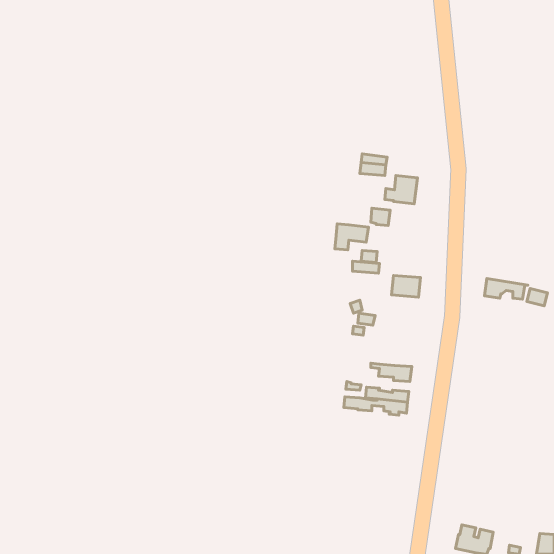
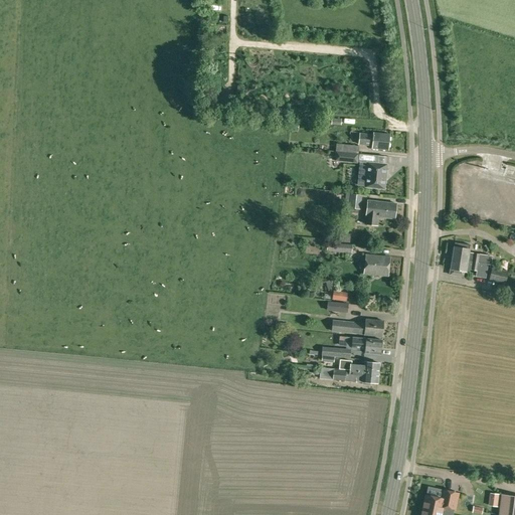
building: none -> [358,133,389,150]
building: [335,224,368,250] -> [365,201,396,225]
building: none -> [452,242,493,266]
building: none -> [332,320,384,337]

